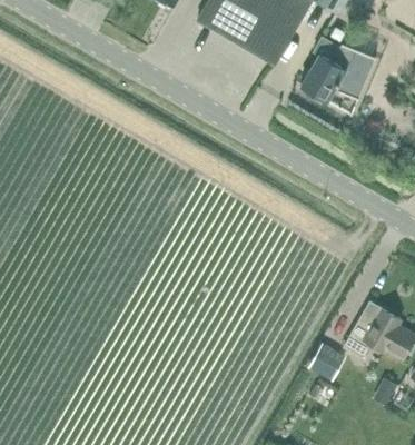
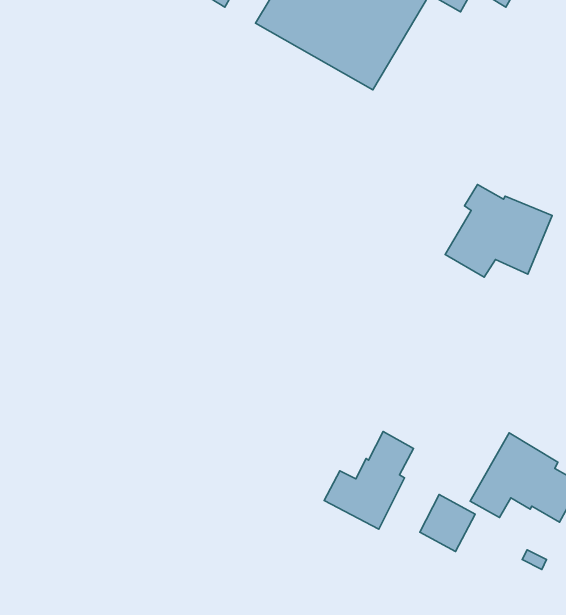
building: [302,37,375,100] -> [445,185,552,277]
building: none -> [324,431,414,529]

